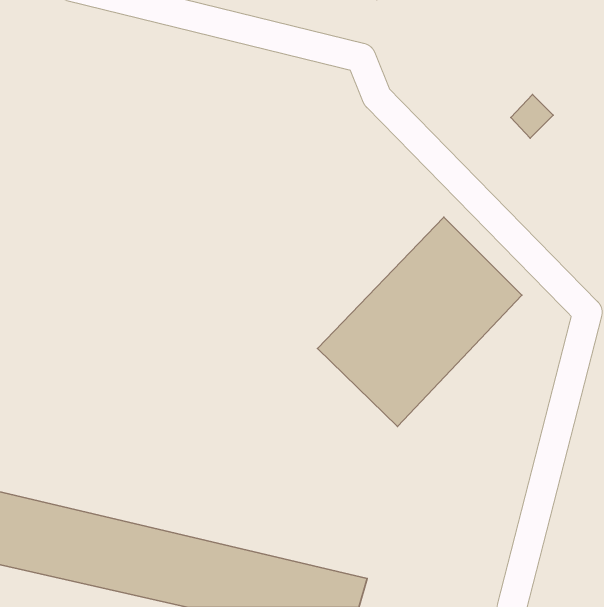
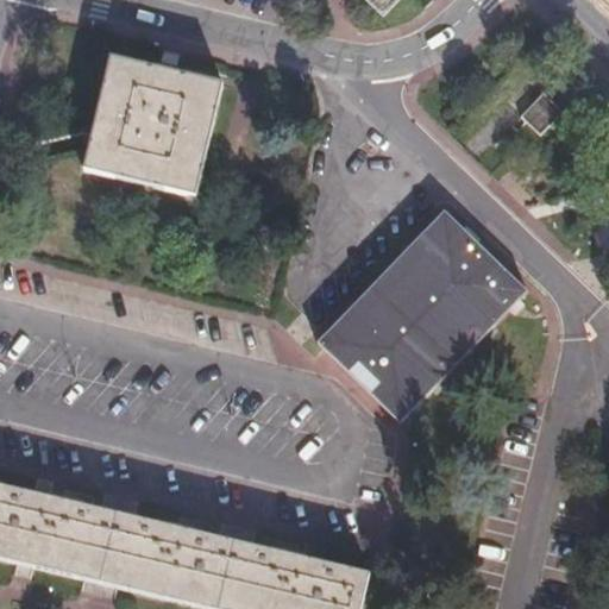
building: none -> [80,57,216,196]

